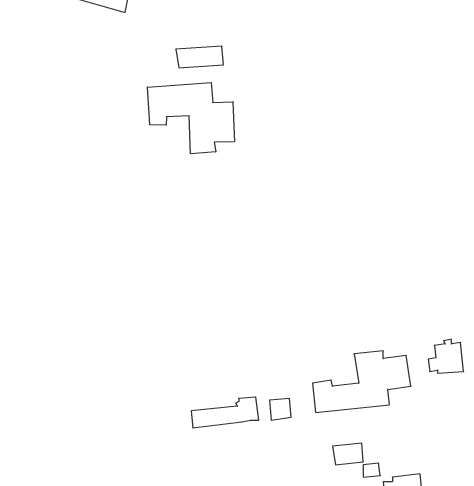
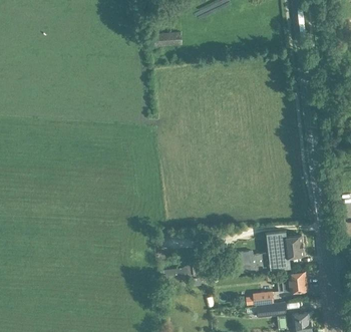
building: [147,83,234,154] -> none
building: [428,339,464,373] -> [284,268,307,290]

